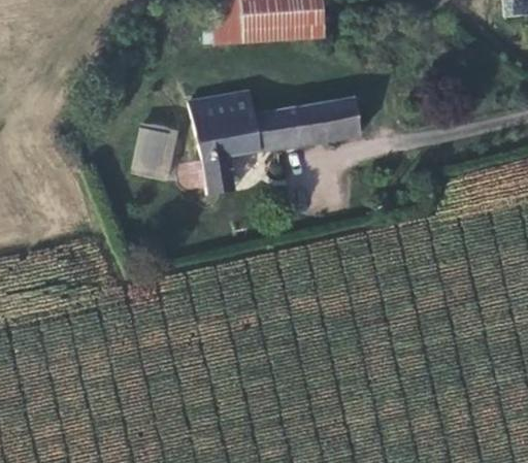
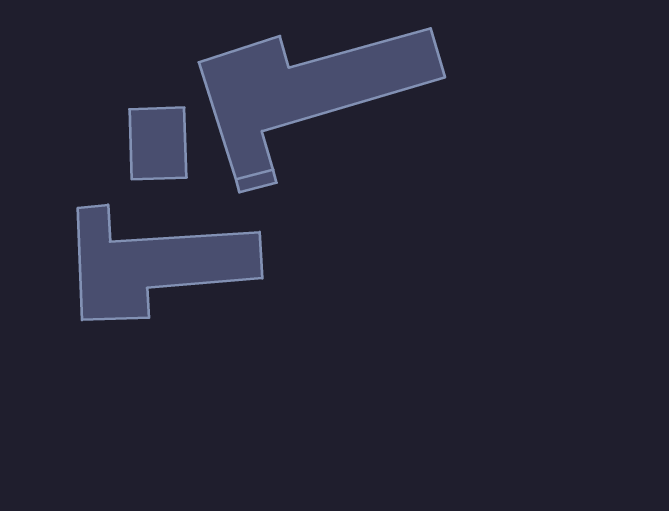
building: none -> [78,205,262,320]

